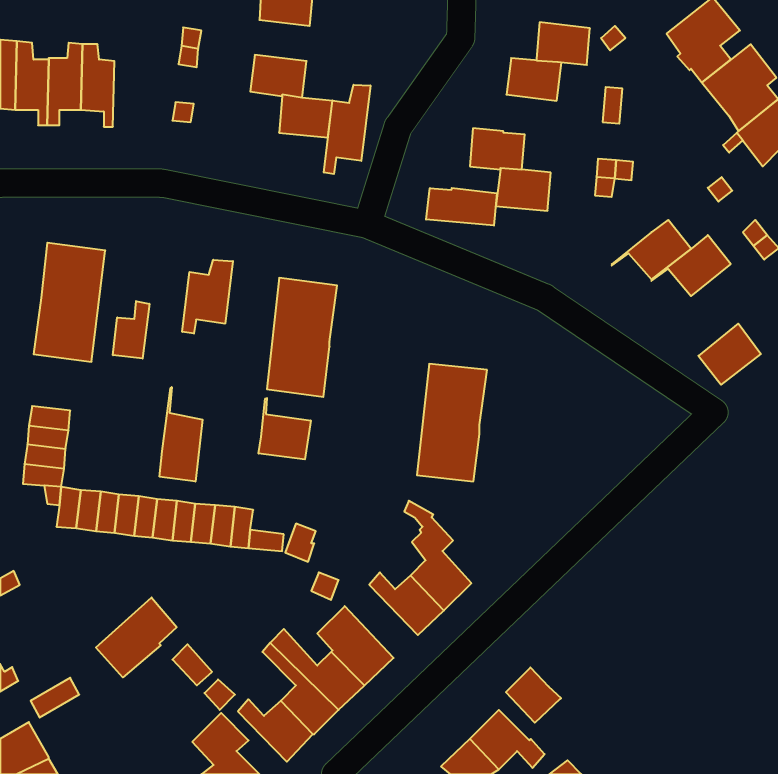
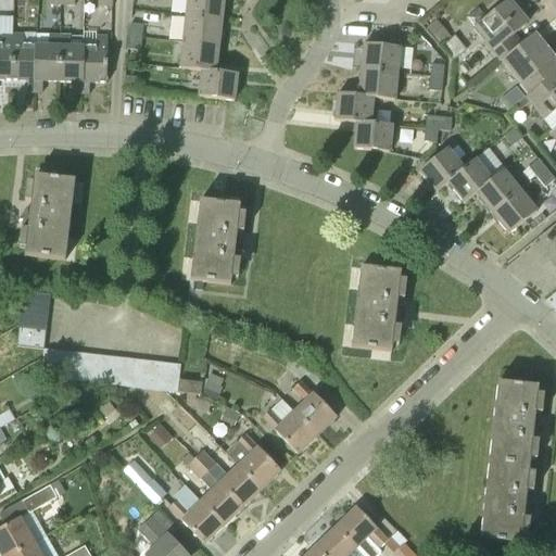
building: none -> [182,14,222,43]
building: [537,22,590,65] -> [359,67,397,98]
building: none -> [81,33,109,91]
building: [324,85,370,174] -> none
building: [426,188,497,226] -> none
building: none -> [420,146,465,188]
building: [182,260,233,334] -> none
building: [113,301,149,359] -> none
building: [698,324,761,385] -> [493,188,538,231]
building: [417,364,487,481] -> [352,265,402,349]
building: [160,387,203,482] -> none
building: [259,398,311,459] -> none
building: none -> [480,380,539,541]
building: [96,597,177,677] -> none
building: [506,667,561,723] -> none

